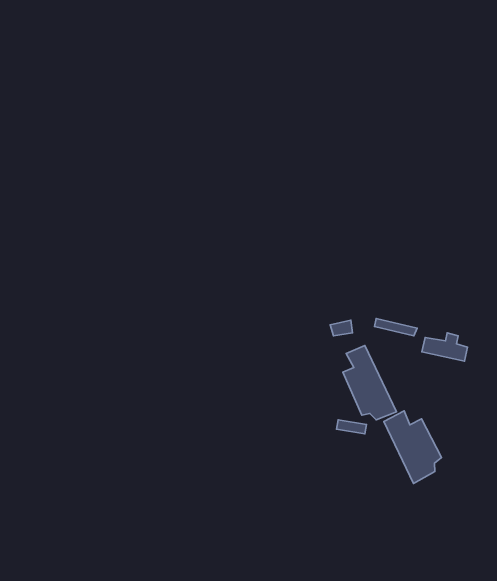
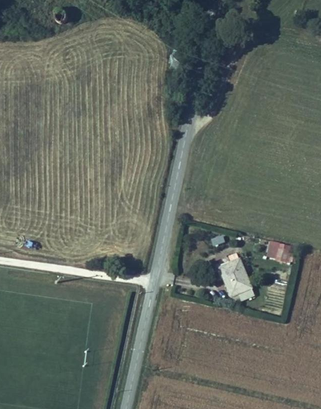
building: [384,411,442,484] -> none

